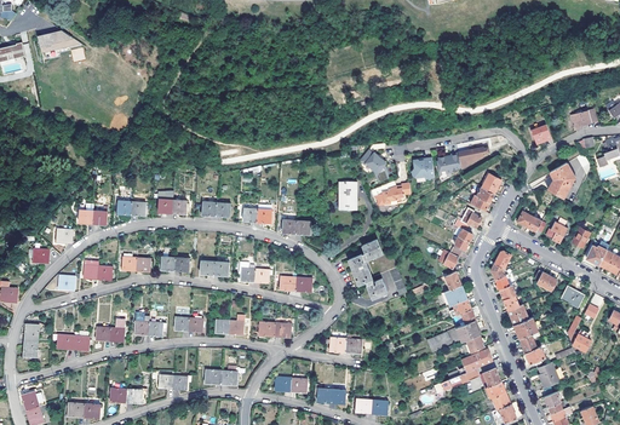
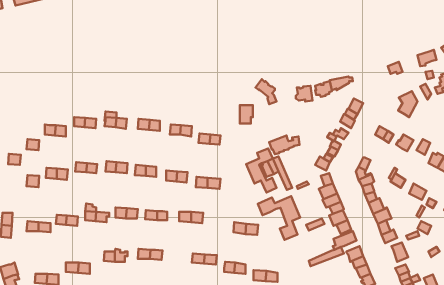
building: [371,182,411,206] -> [269,136,300,154]
building: none -> [258,196,300,240]

